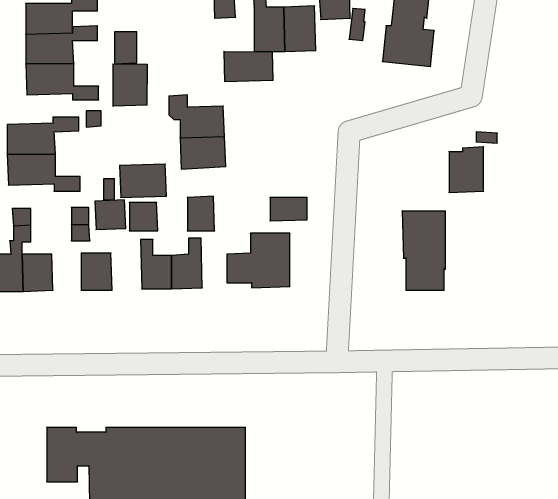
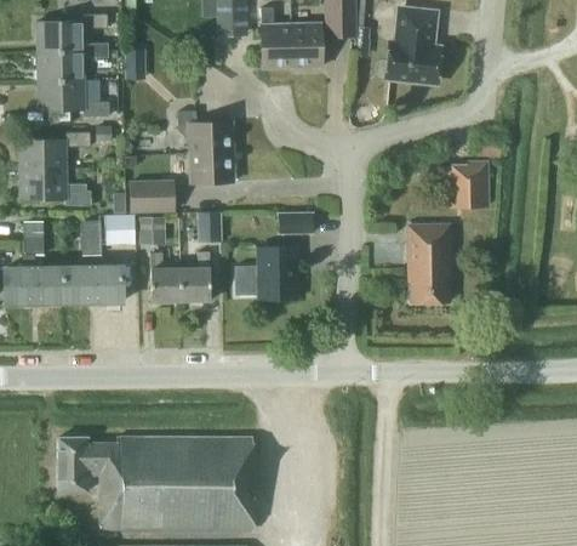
building: [224,51,273,82] -> none
building: [113,64,147,106] -> none
building: none -> [63,266,92,302]

